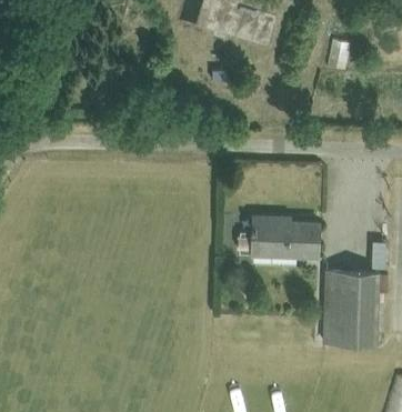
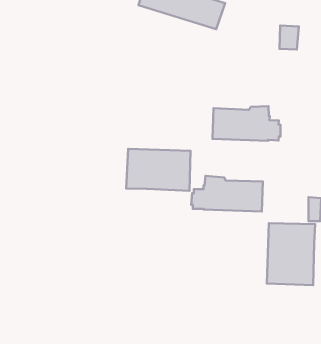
building: none -> [212,106,281,141]
building: none -> [126,149,190,191]

